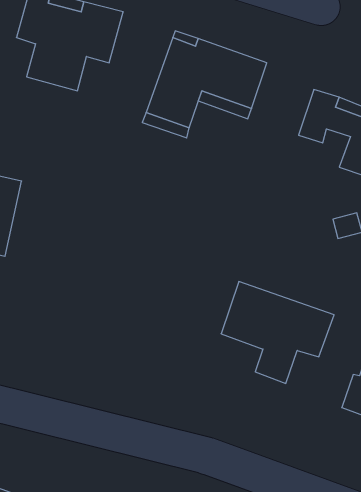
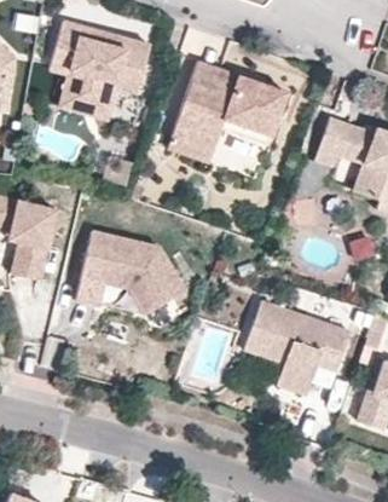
building: none -> [76,230,185,313]

